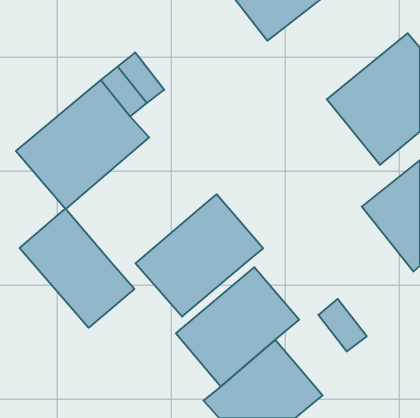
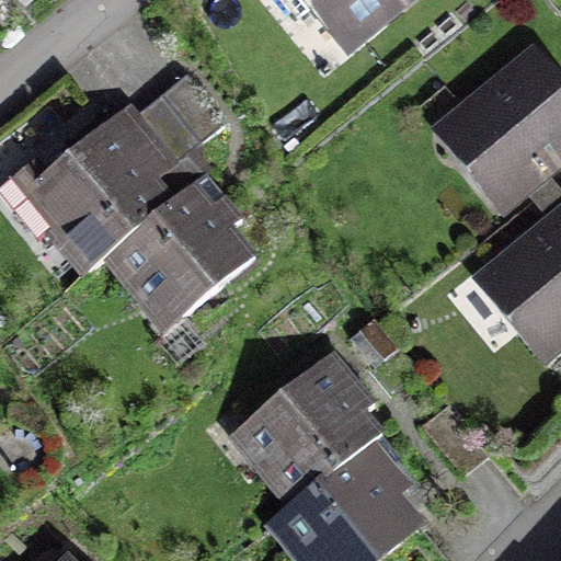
building: [136,194,263,317] -> [103,170,271,331]
building: [20,208,134,328] -> none

